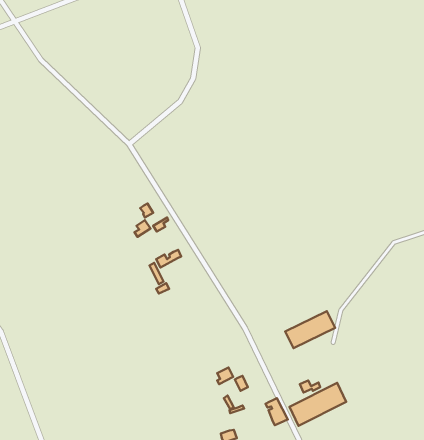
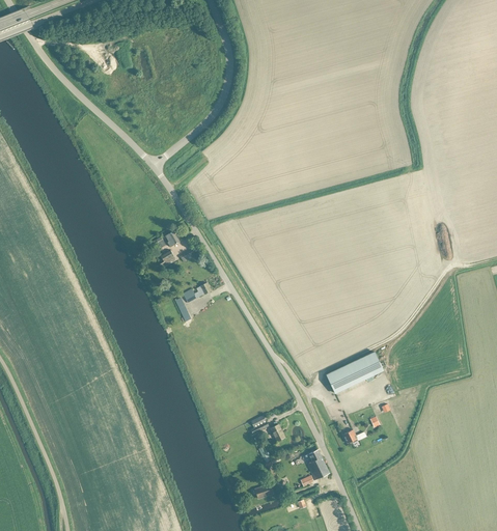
building: [289,383,346,426] -> none

